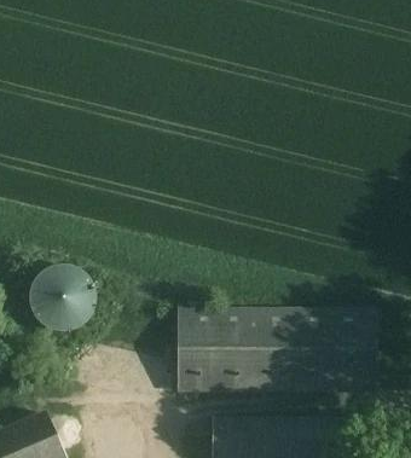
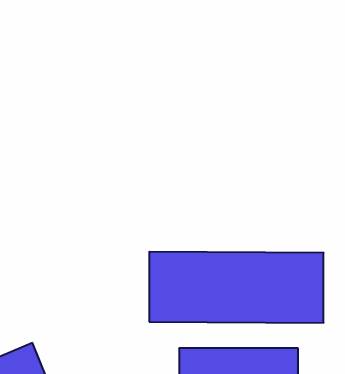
building: [44,269,86,327] -> none

